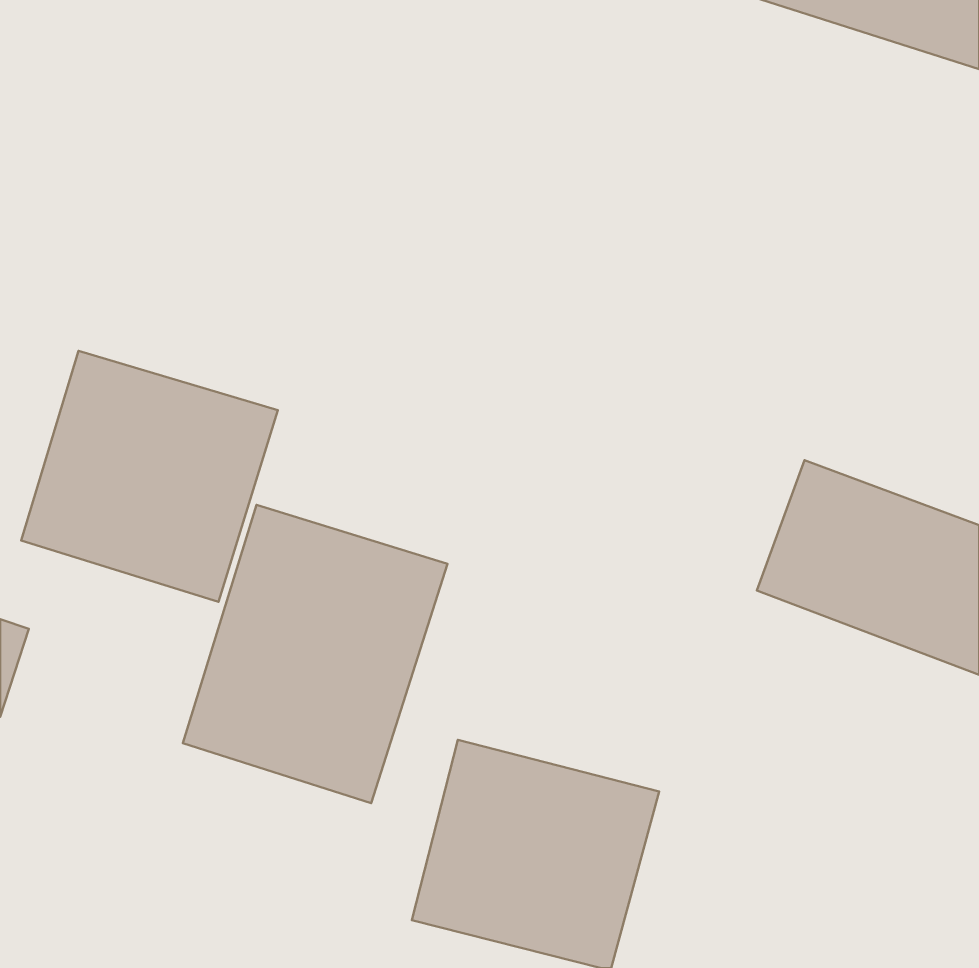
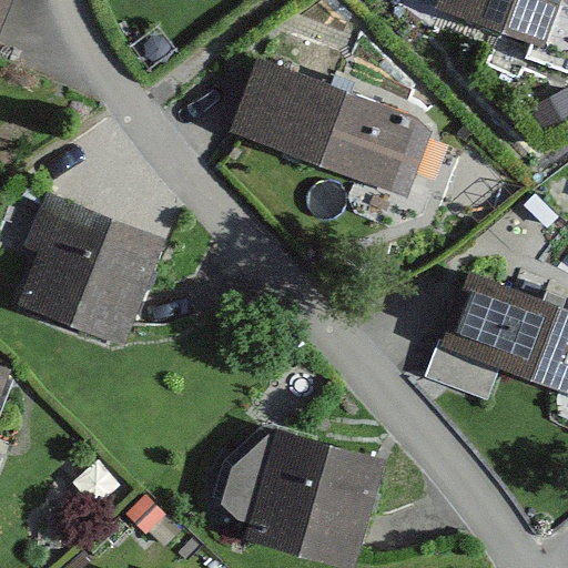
building: none -> [226,58,436,199]
building: [183,505,448,803] -> none

